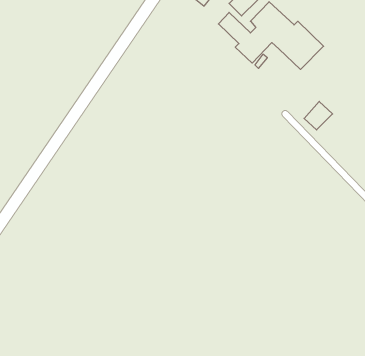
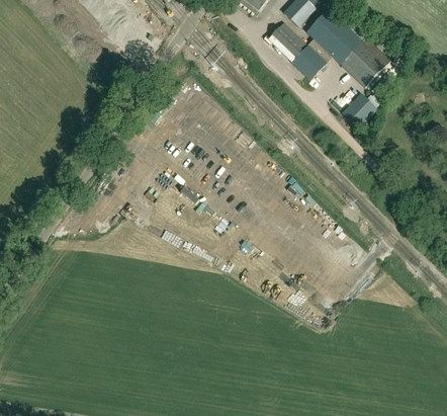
building: [304,101,333,130] -> [345,94,377,127]

